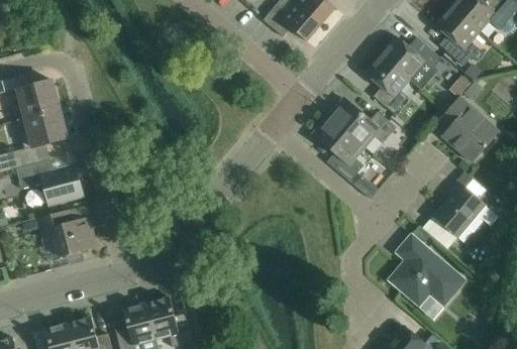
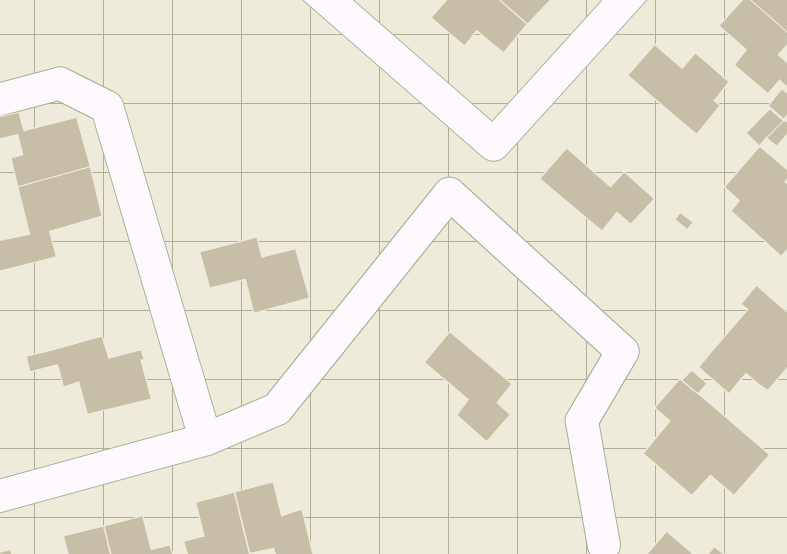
building: [366,54,410,114] -> none
building: [313,116,366,182] -> [424,332,512,442]
building: [17,159,83,205] -> [199,237,310,313]

